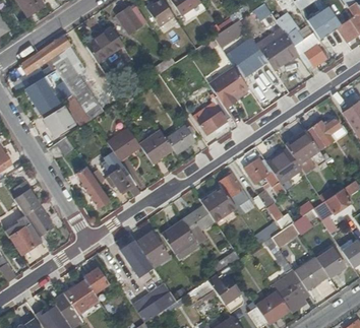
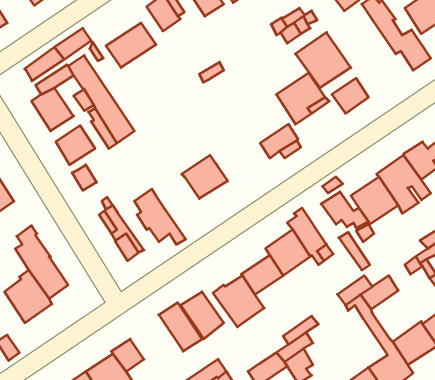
building: [256,28,299,69] -> none
building: [165,124,196,153] -> none
building: [108,129,140,160] -> none

